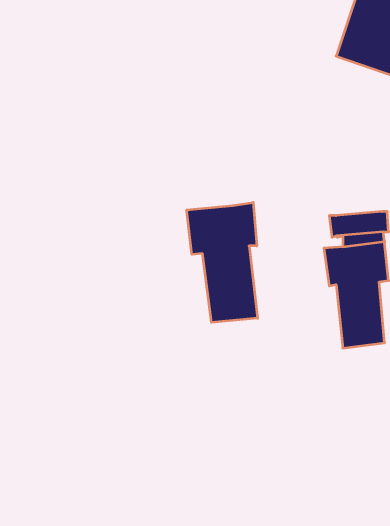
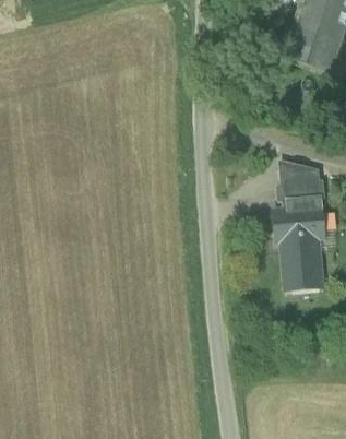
building: none -> [279,158,319,182]
building: [187,202,258,322] -> none

